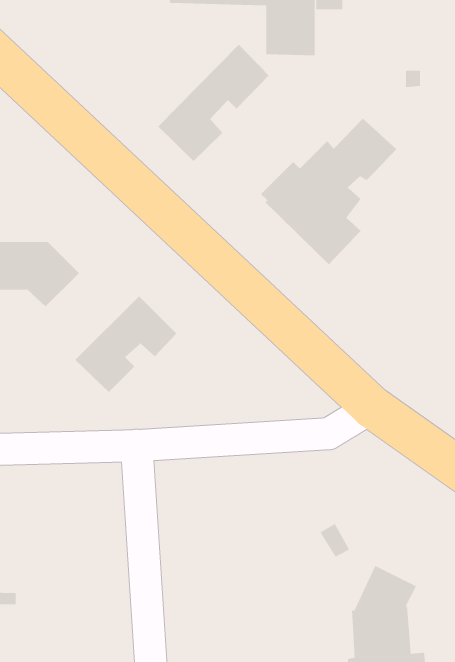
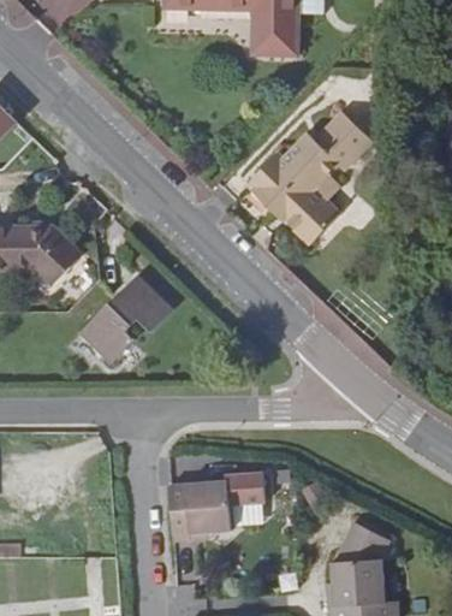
building: [158,44,270,162] -> none
building: none -> [168,473,266,541]

